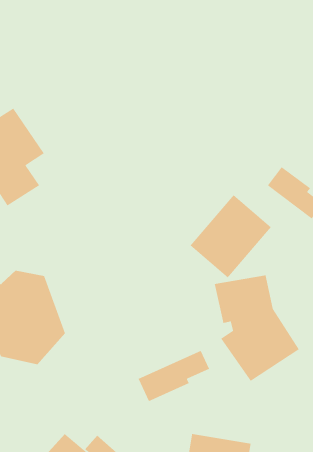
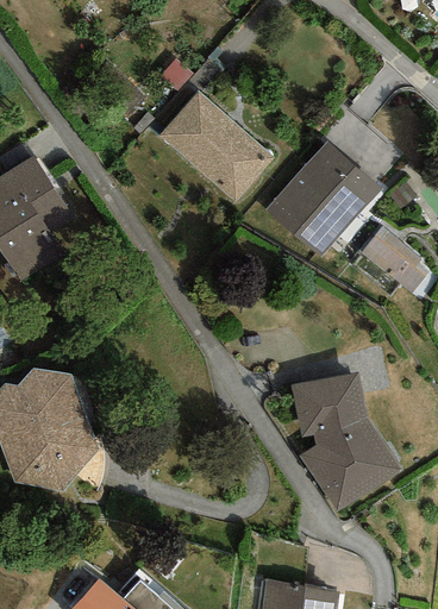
building: none -> [158,96,270,201]
building: [189,194,272,279] -> [270,139,377,249]
building: [138,350,210,402] -> none

